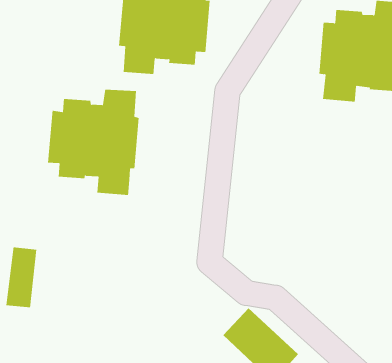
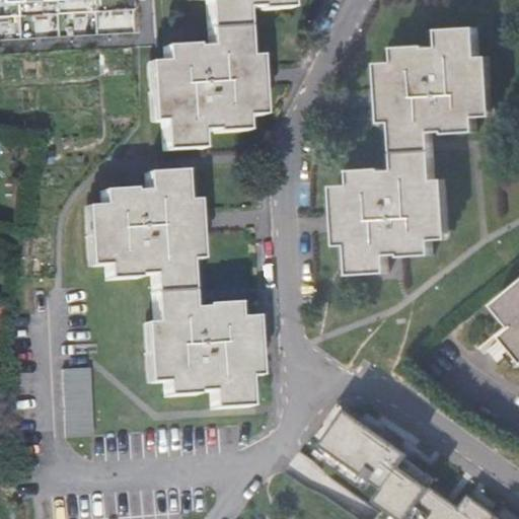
building: none -> [341,147,444,273]
building: none -> [148,289,251,407]

